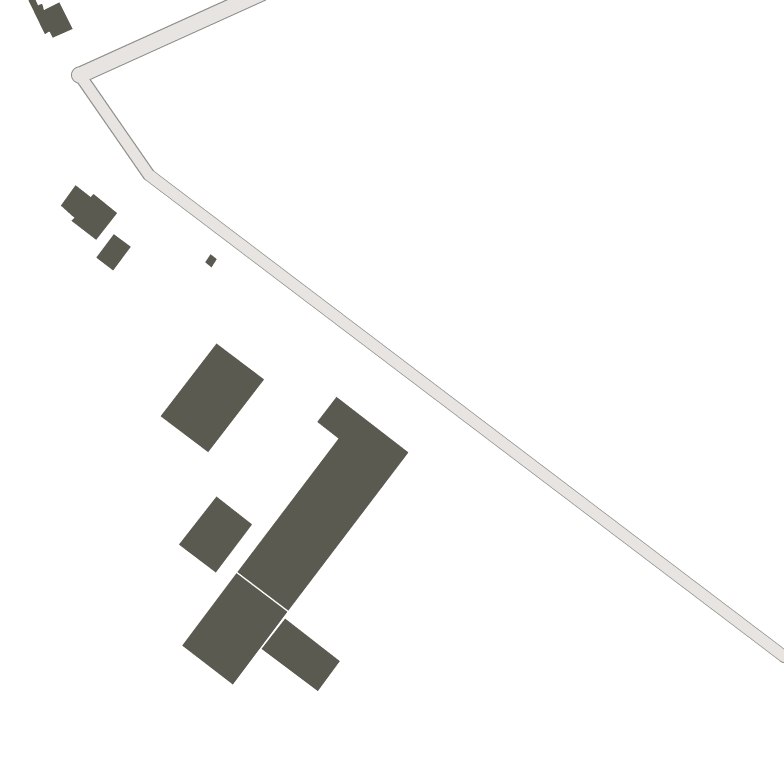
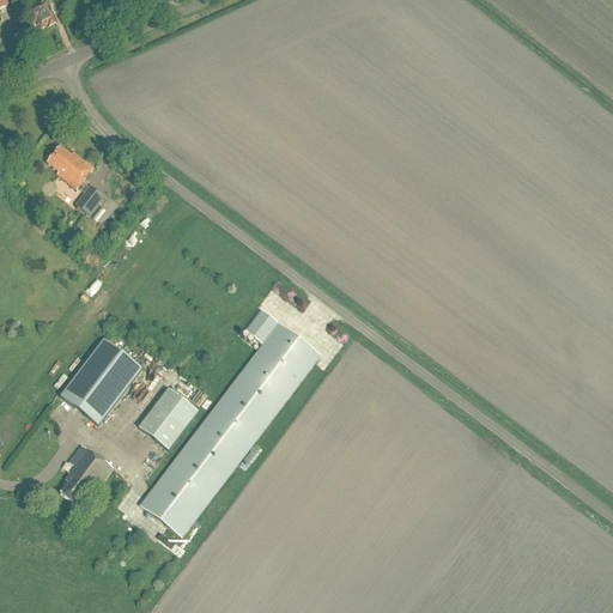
building: [159,343,265,453] -> [60,338,142,424]
building: none -> [61,444,114,505]
building: [261,618,341,692] -> none

